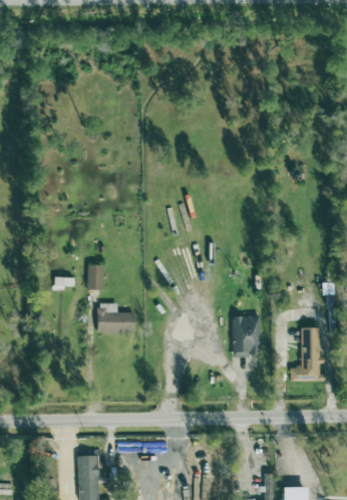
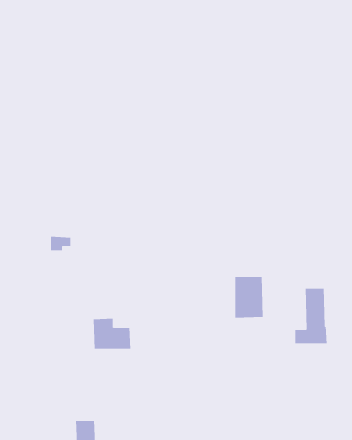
building: [87,264,103,289] -> none
building: [97,302,134,332] -> [93,318,131,349]

